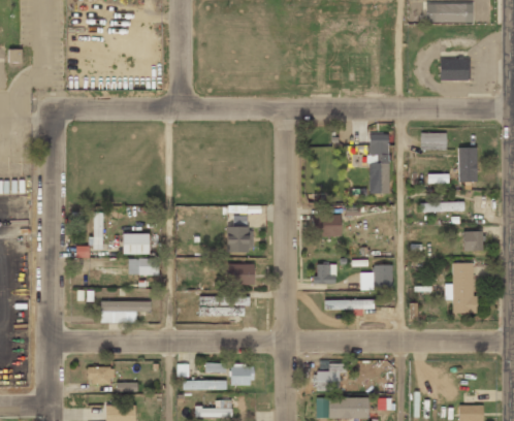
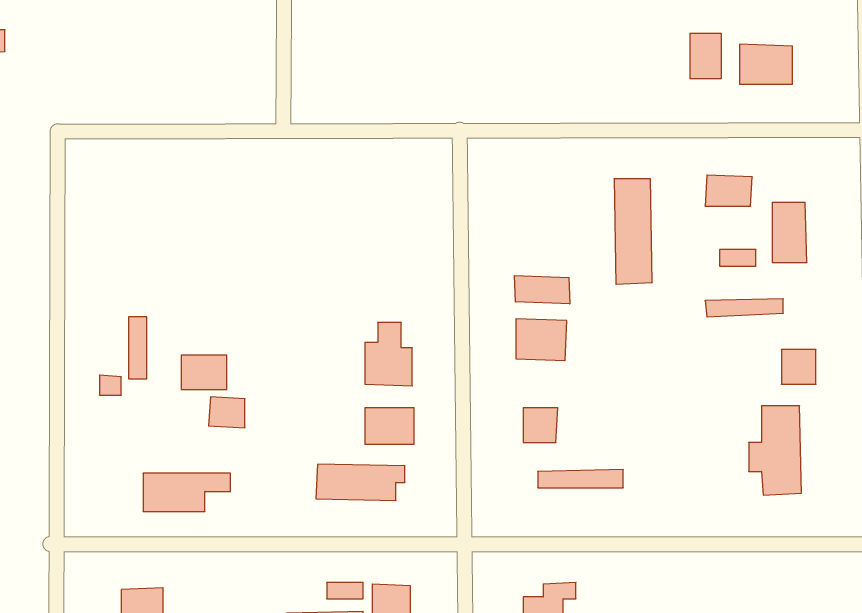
building: none -> [690,33,721,79]
building: none -> [515,276,570,304]
building: [374,265,393,288] -> none

